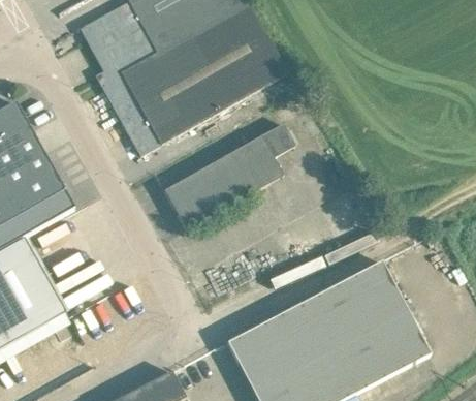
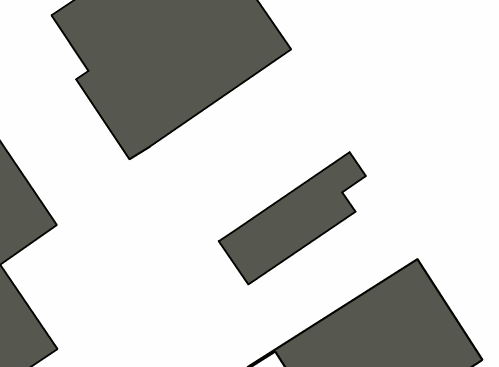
building: [163,123,294,229] -> [219,152,366,284]

